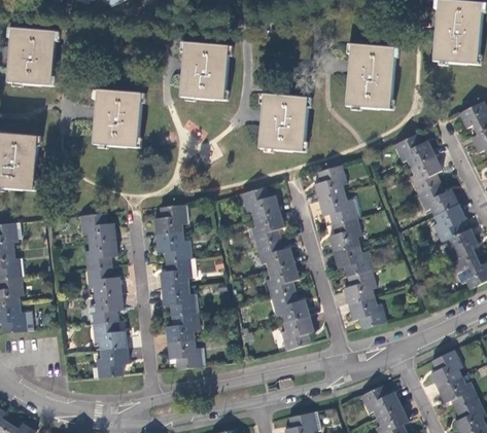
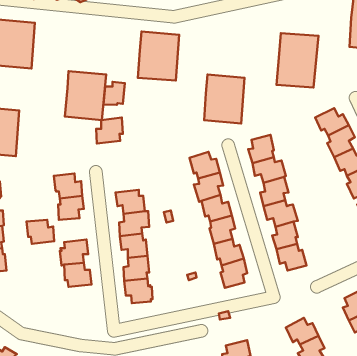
building: none -> [103,82,125,105]
building: [154,204,186,234] -> [96,118,123,143]
building: [88,265,120,294] -> [27,220,54,244]
building: [97,345,128,375] -> none

